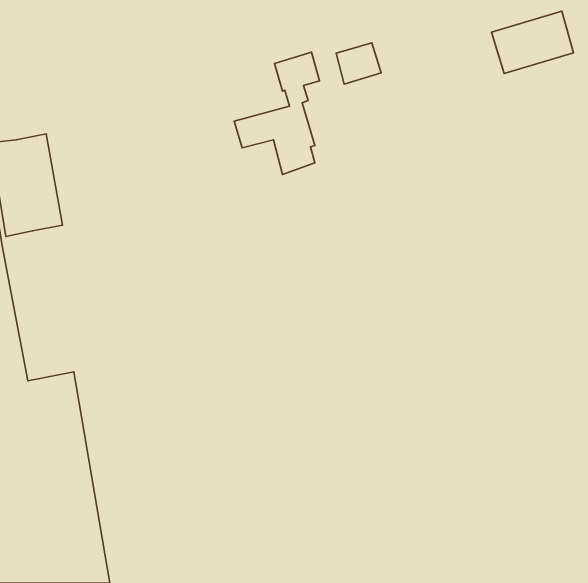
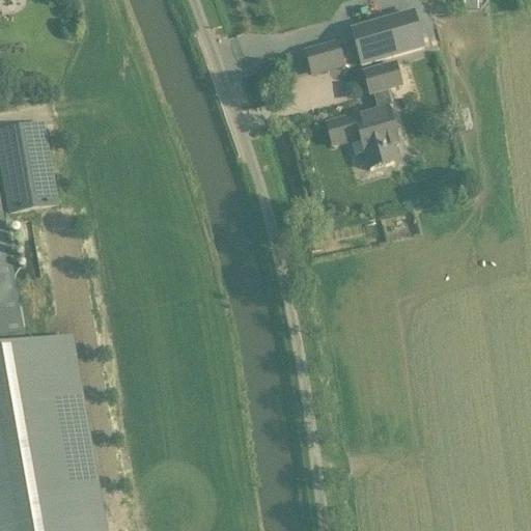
building: [491,11,573,74] -> [347,7,421,63]
building: [234,52,320,174] -> [324,59,400,169]

